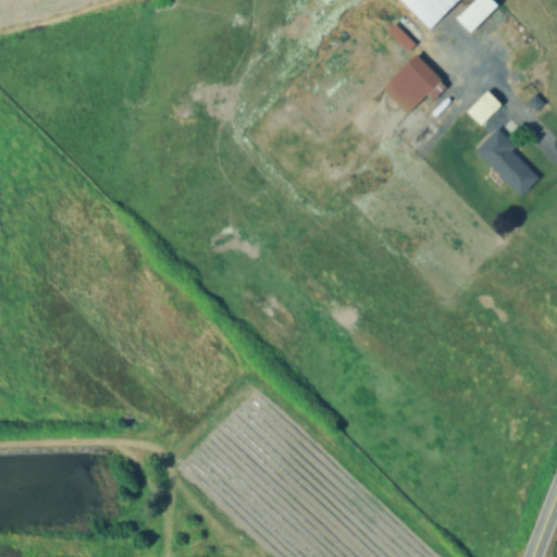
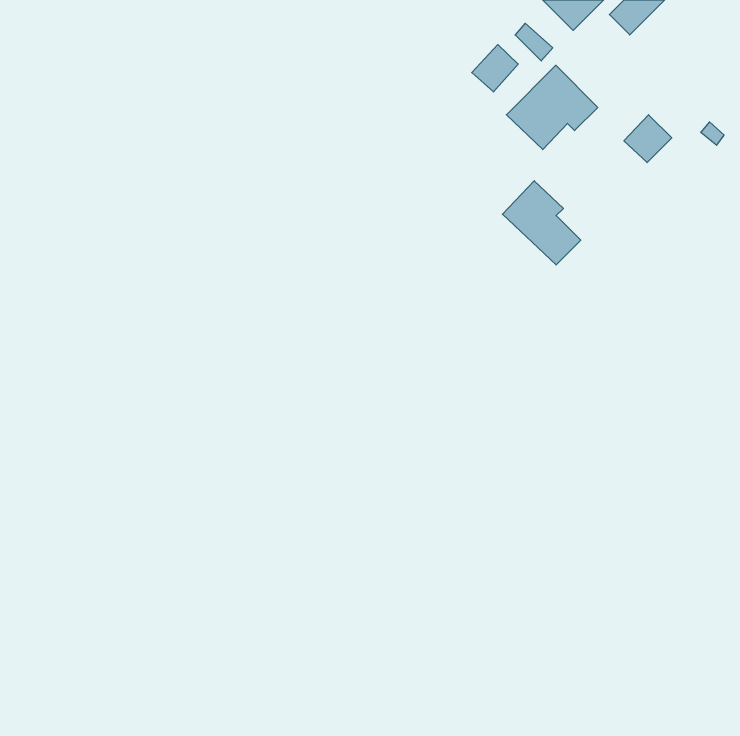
building: none -> [472,45,518,92]
building: [474,126,533,189] -> [502,181,581,265]

